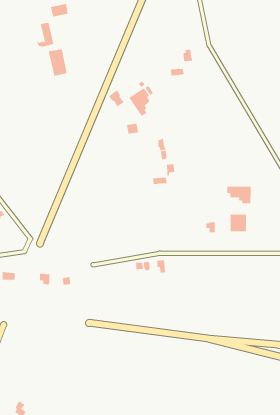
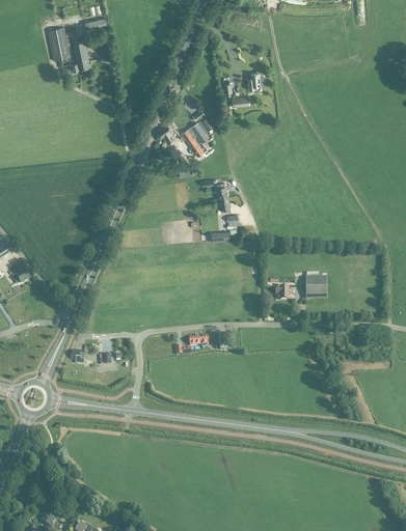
building: [48,49,67,77] -> [46,26,70,60]
building: [227,186,251,204] -> none

